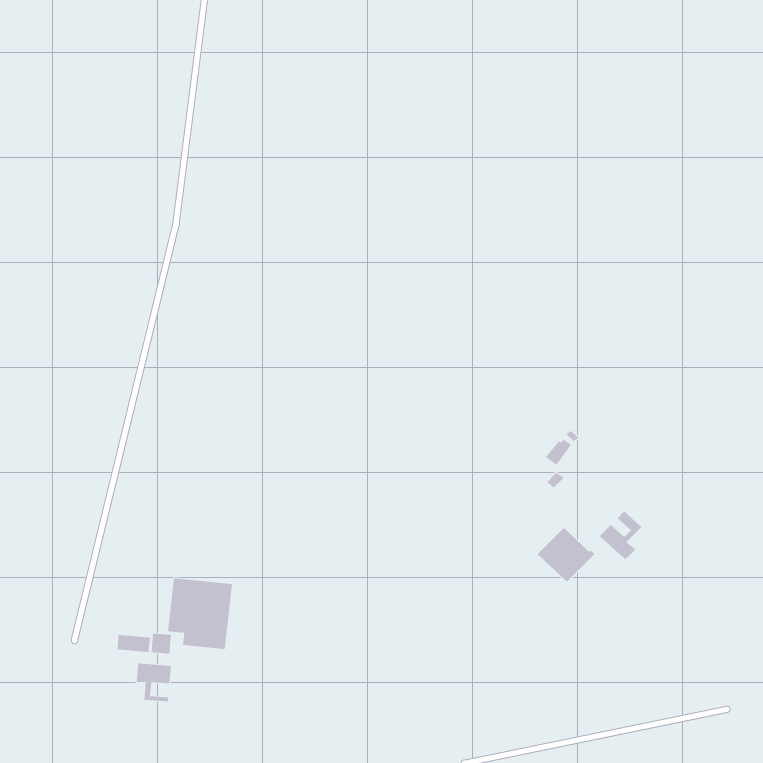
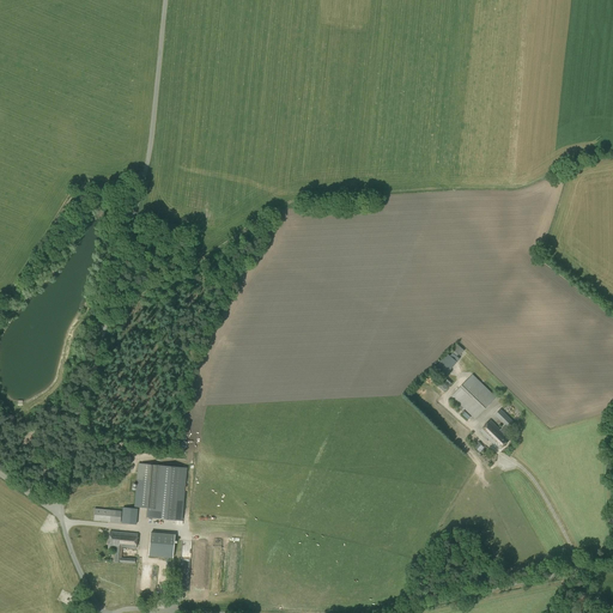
building: [537,527,595,582] -> [451,375,498,419]
building: none -> [148,532,175,558]

